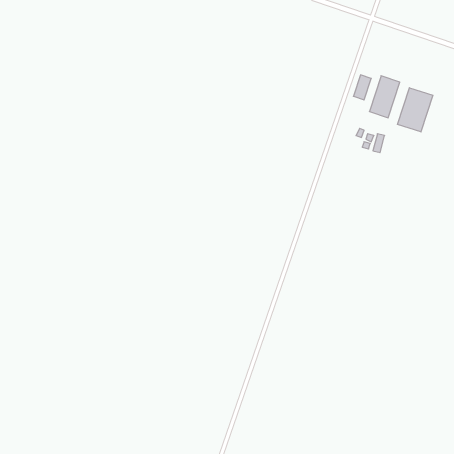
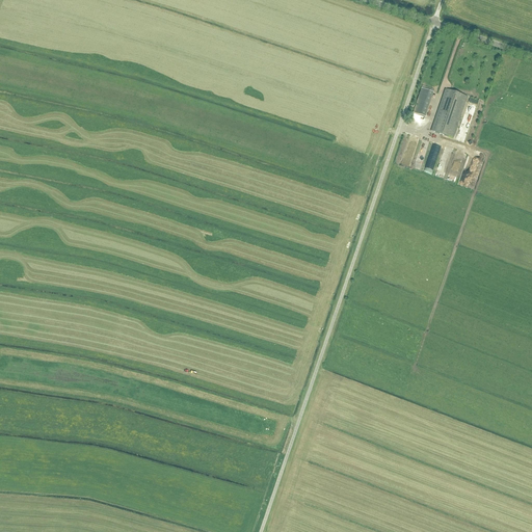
building: [398,88,433,132] -> none

